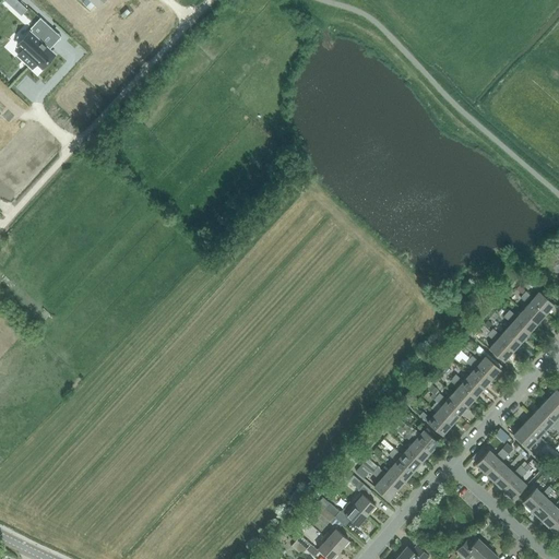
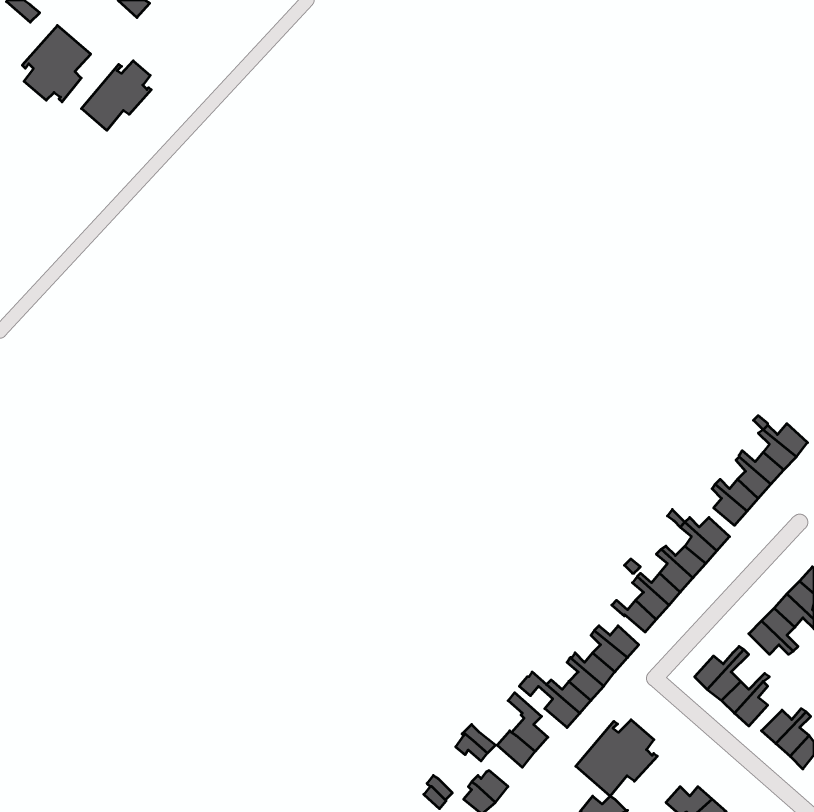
building: none -> [81,61,151,130]
building: none -> [576,720,657,796]

